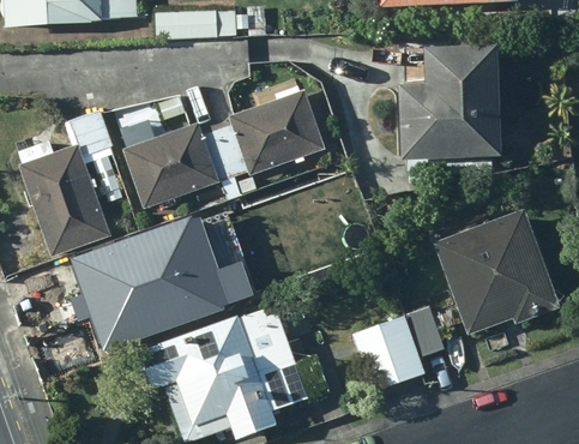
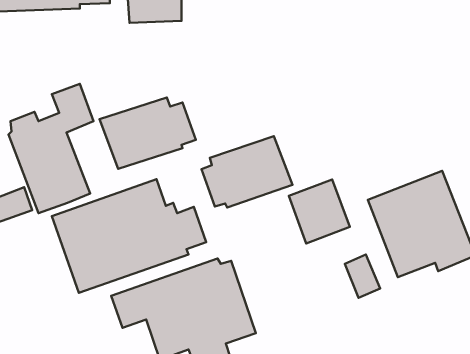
building: [397,46,497,161] -> none
building: [219,91,325,174] -> [201,136,293,207]
building: [354,314,424,389] -> [289,179,350,244]

